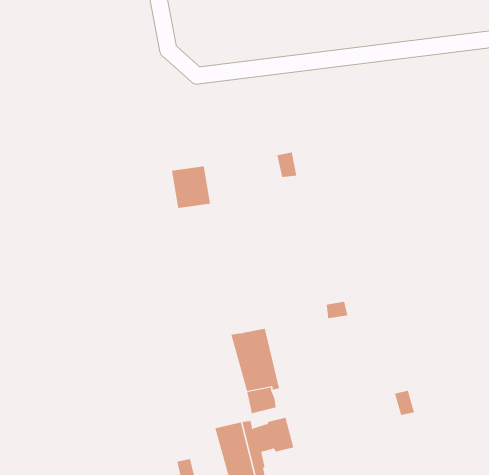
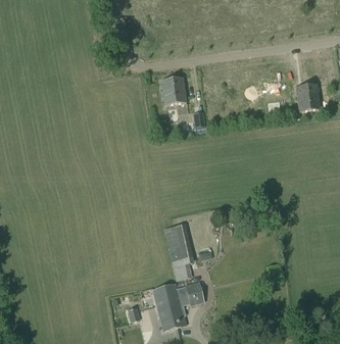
building: none -> [295,84,320,110]
building: [171,166,211,209] -> [160,77,186,104]

